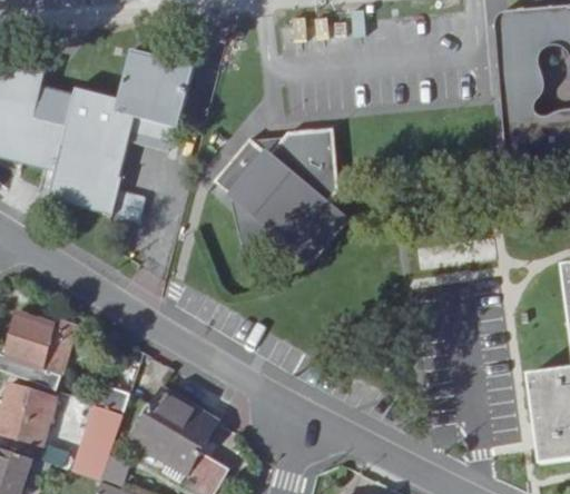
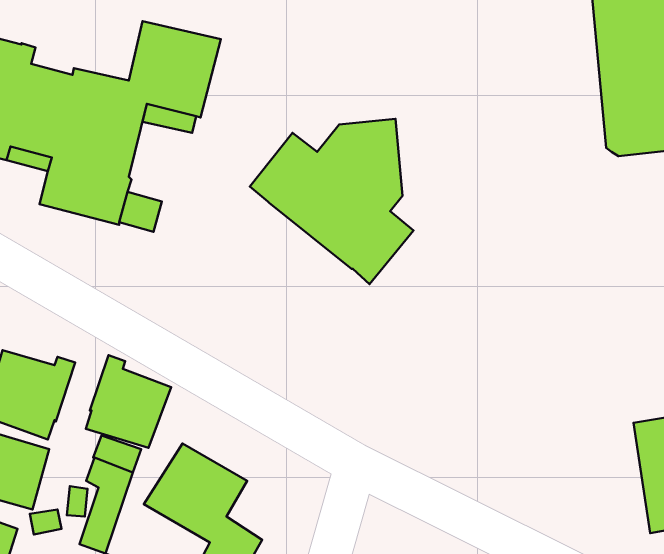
building: [233,196,299,249] -> none
building: none -> [86,355,171,448]

